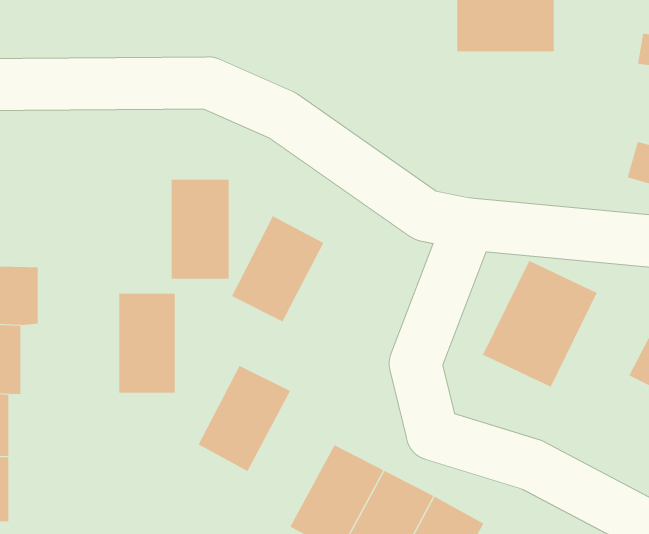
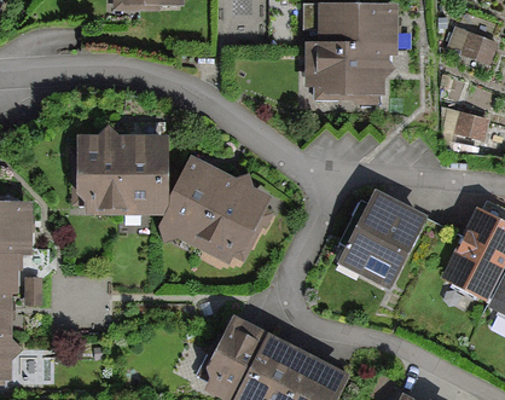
building: none -> [309,48,383,93]
building: [119,293,175,393] -> [83,138,123,208]
building: [198,365,291,472] -> [202,182,267,257]

